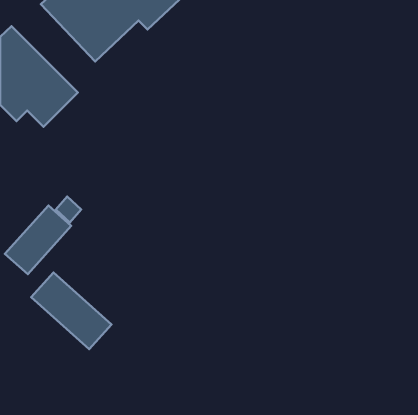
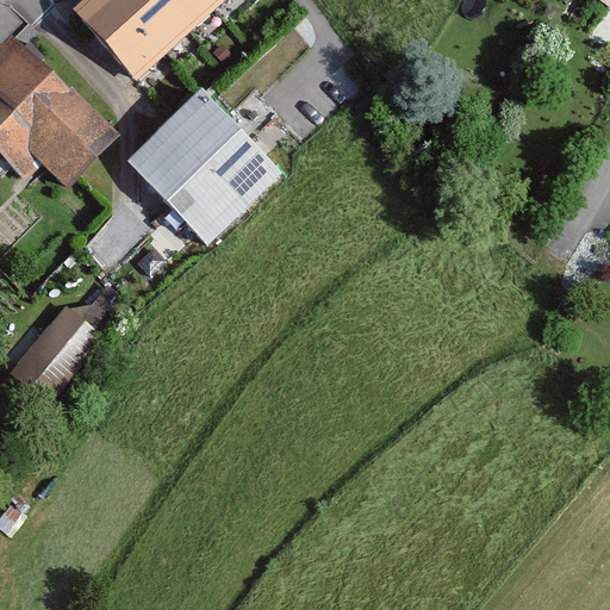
building: none -> [124,85,280,241]
building: [31,273,111,349] -> none

